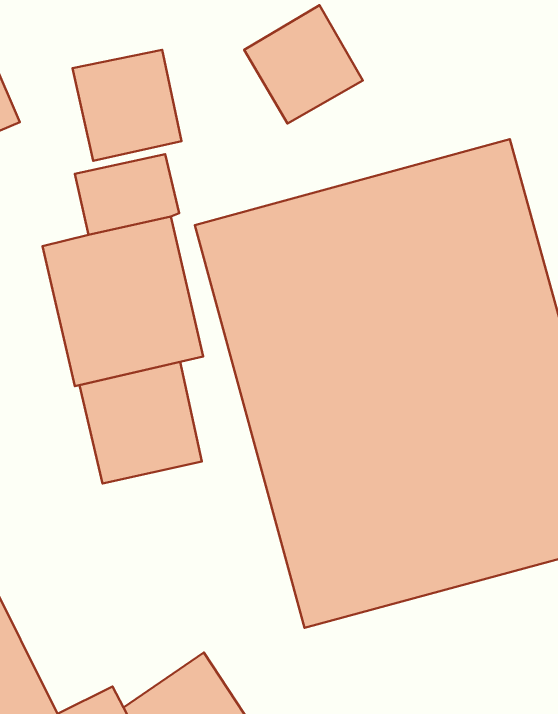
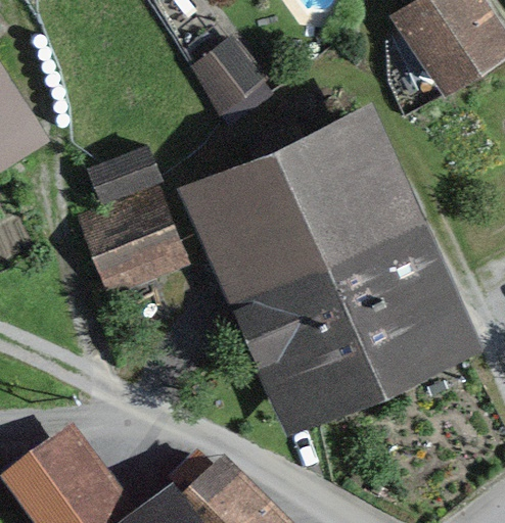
building: [73,50,181,161] -> none
building: [80,362,202,483] -> none

